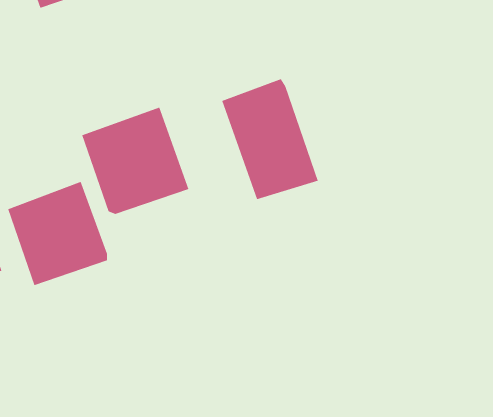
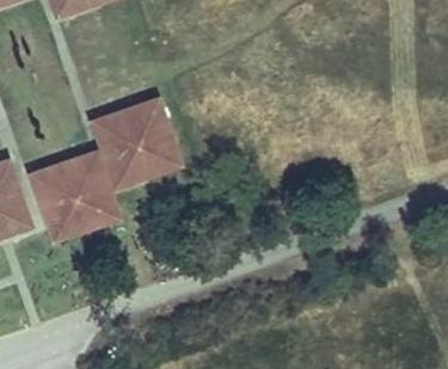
building: [221,78,319,200] -> none

